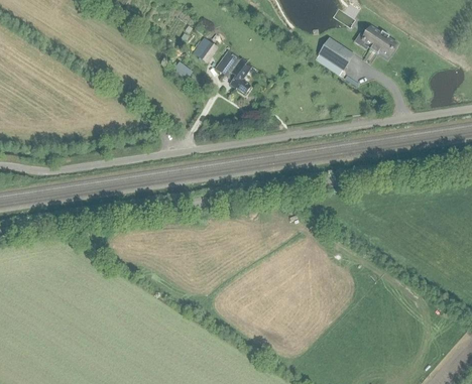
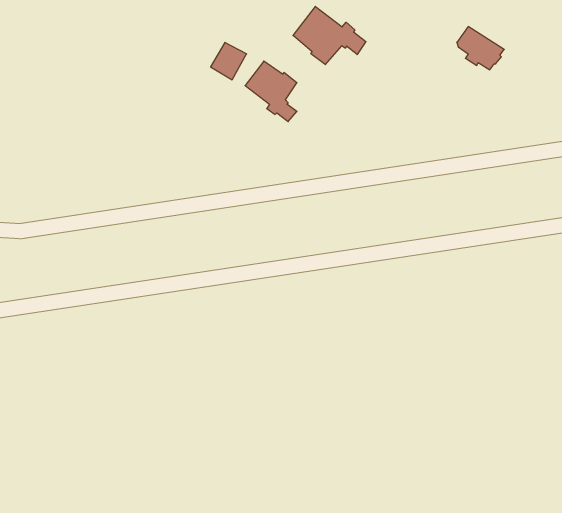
building: none -> [293,6,366,65]
building: [319,39,351,69] -> none

